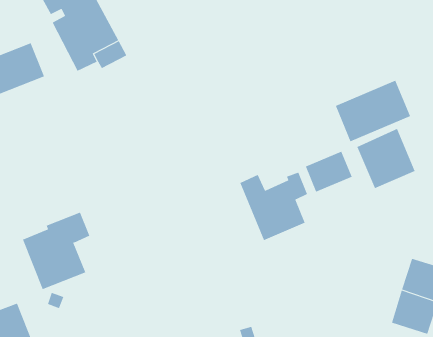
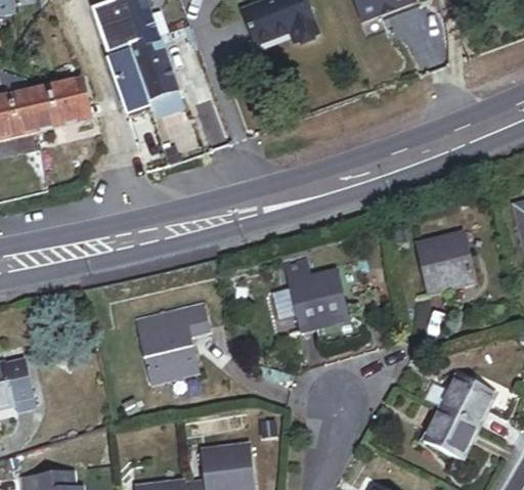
building: [335,80,411,142] -> none
building: [305,151,352,193] -> none
building: [22,212,90,290] -> [136,303,210,381]

